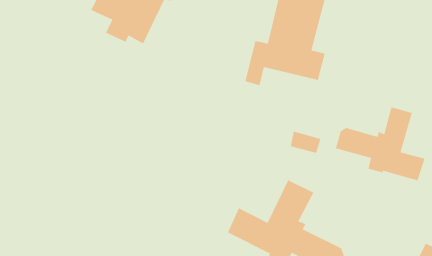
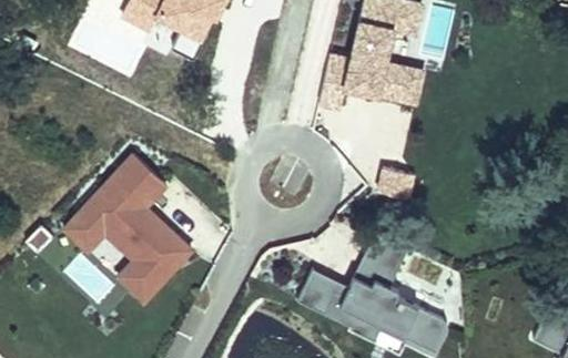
building: [335,106,425,181] -> none
building: none -> [63,153,191,298]

